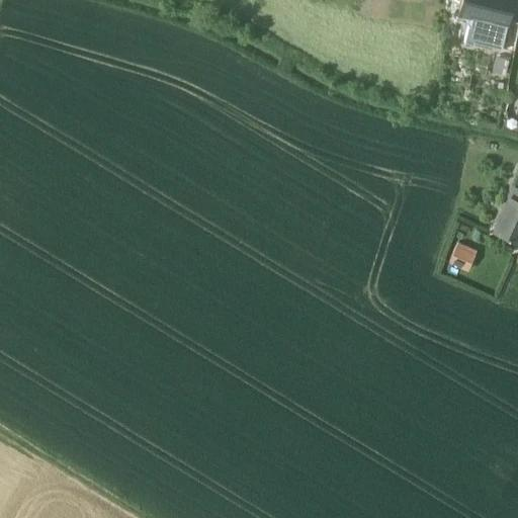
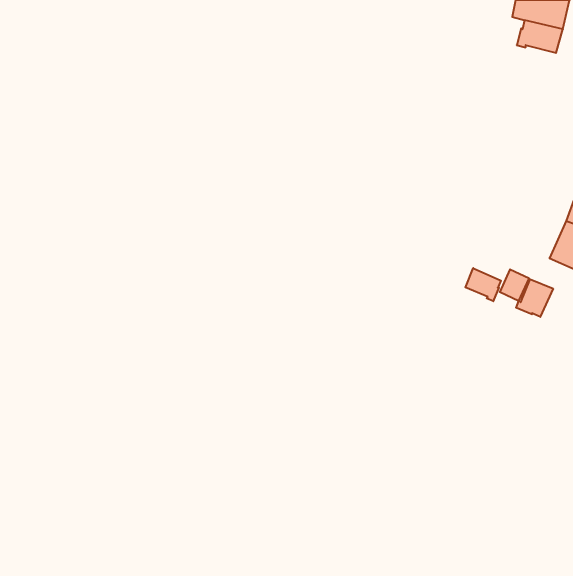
building: none -> [465,268,501,301]
building: none -> [516,279,553,317]

